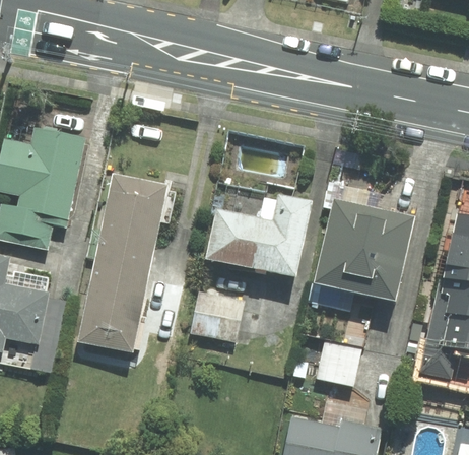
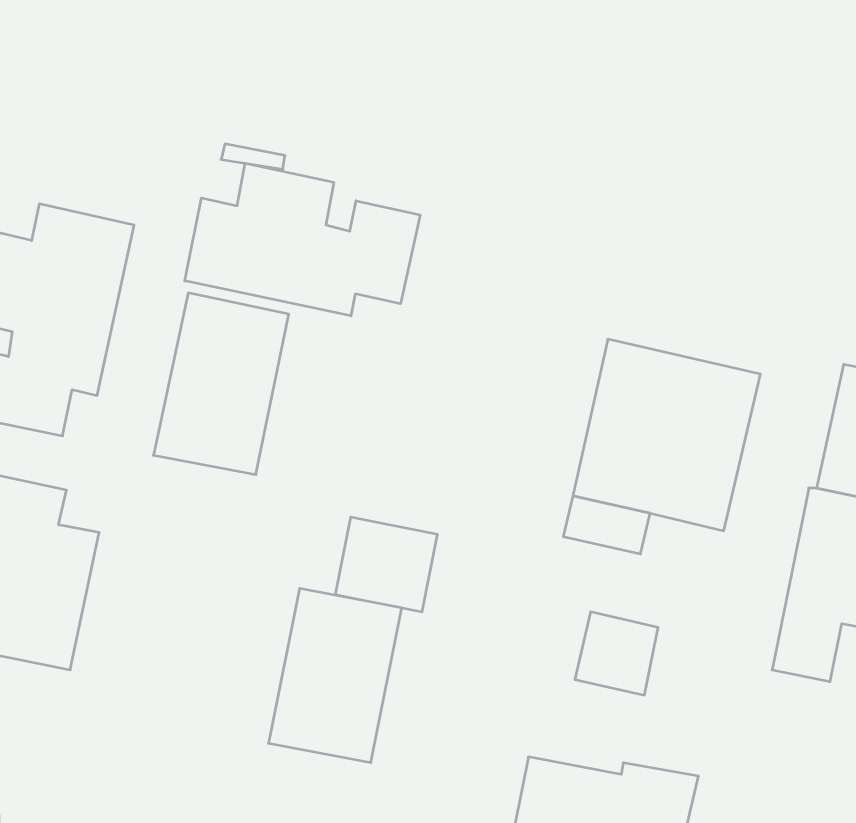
building: none -> [185,163,420,316]
building: [207,195,311,275] -> none
building: [78,260,148,351] -> [268,589,402,763]

